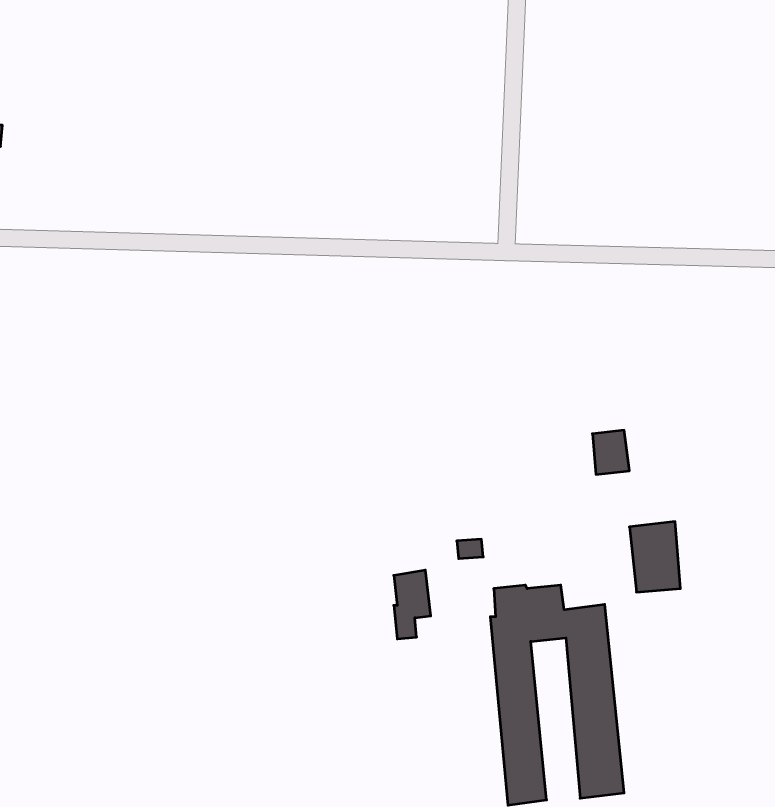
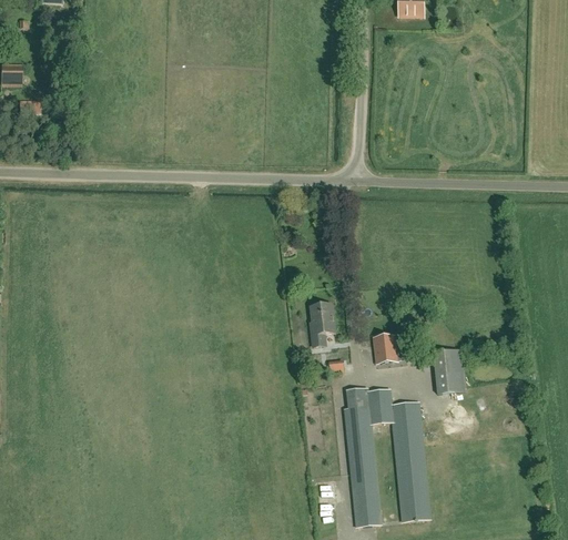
building: [592,430,629,474] -> [374,336,397,364]
building: [394,570,431,639] -> [311,303,334,346]

